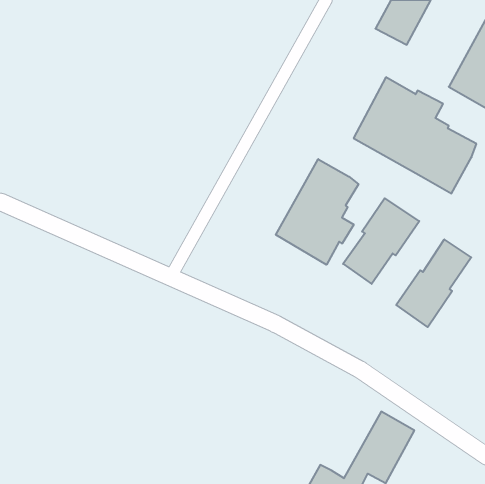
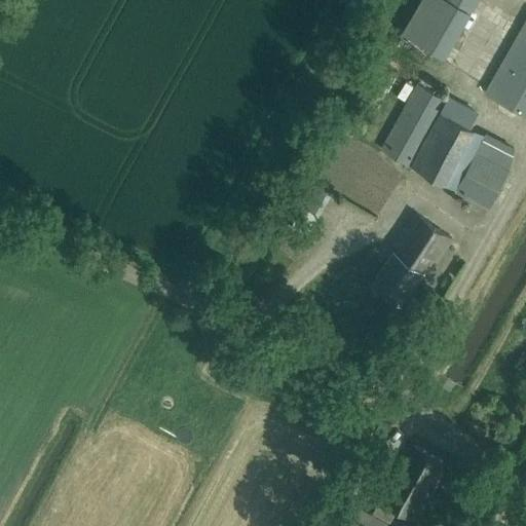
building: [276,159,358,265] -> none
building: [396,239,471,327] -> none

